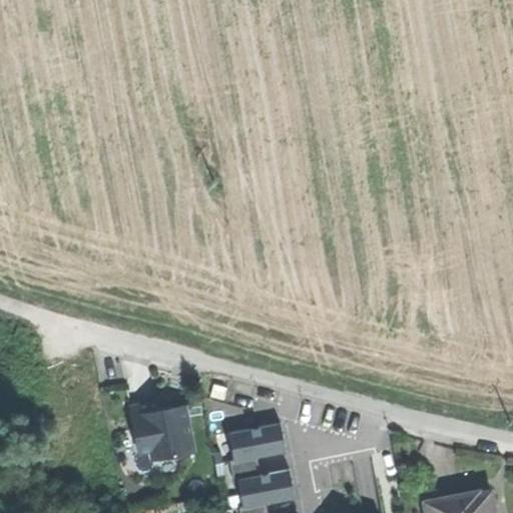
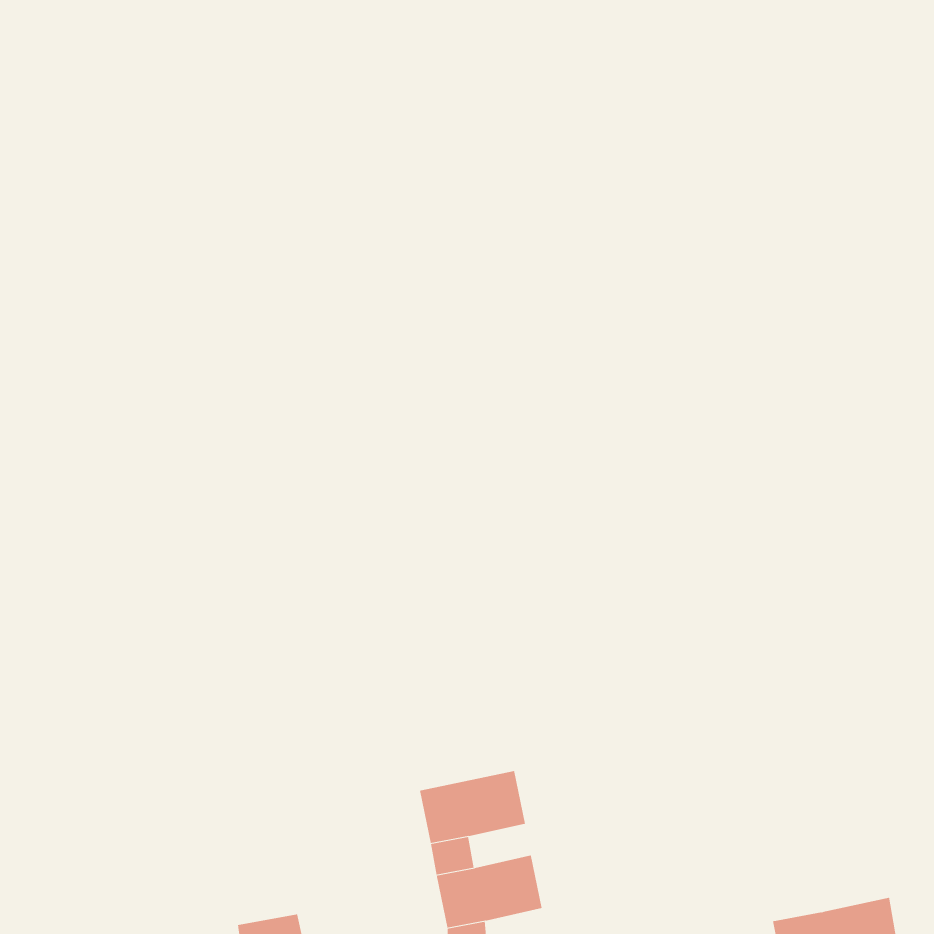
building: [125,403,189,461] -> none

